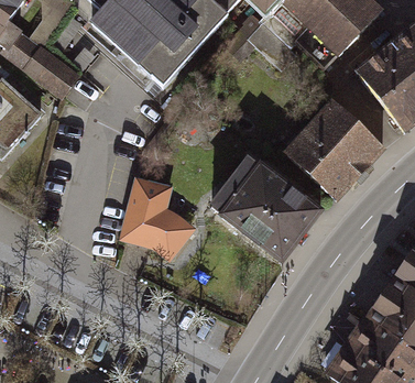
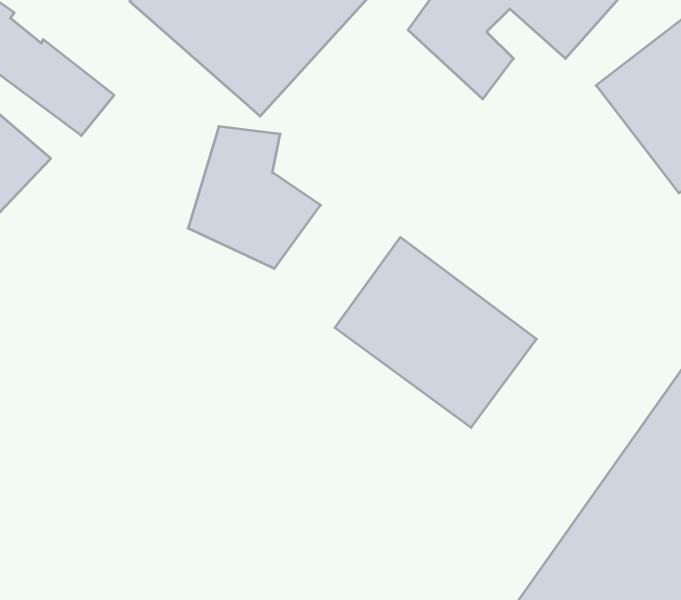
building: [288,101,386,198] -> none
building: [119,180,195,262] -> [188,126,321,269]

